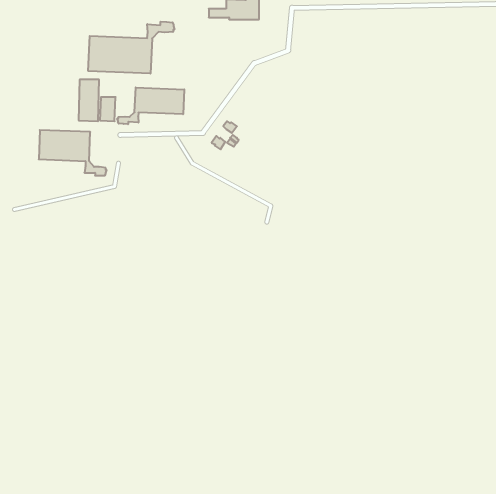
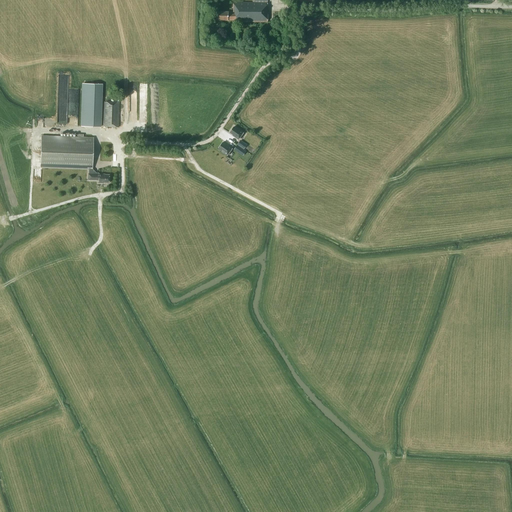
building: [88,22,174,74] -> none
building: [117,87,184,124] -> none

